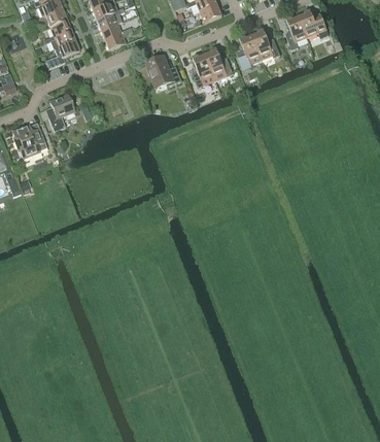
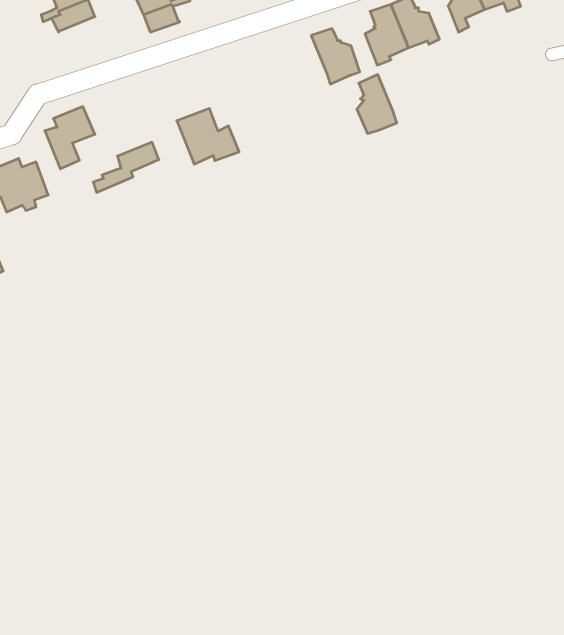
building: [40,40,79,70] -> [93,142,159,192]
building: [192,52,215,87] -> [357,75,397,133]
building: [145,55,182,88] -> [177,109,239,164]

